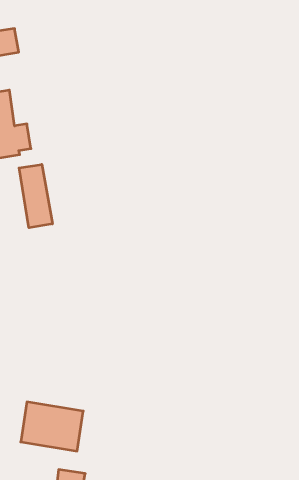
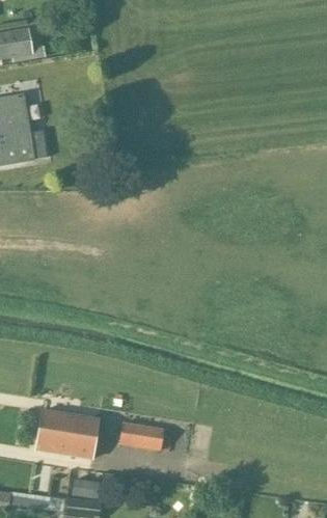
building: [19,164,52,228] -> none
building: none -> [120,421,165,451]

